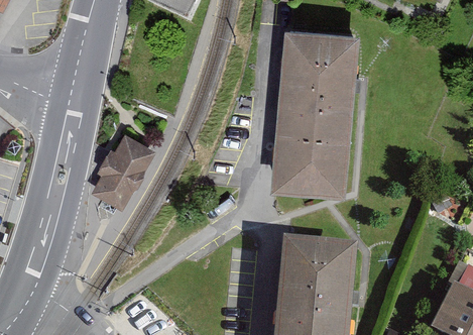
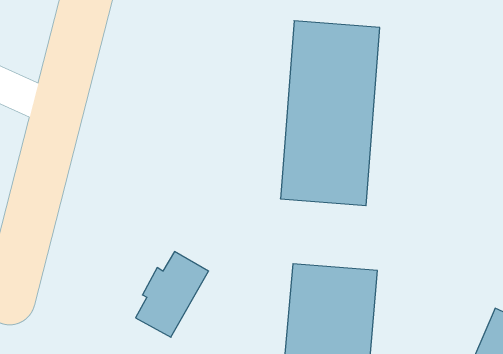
building: [90,137,154,213] -> [136,252,209,337]

